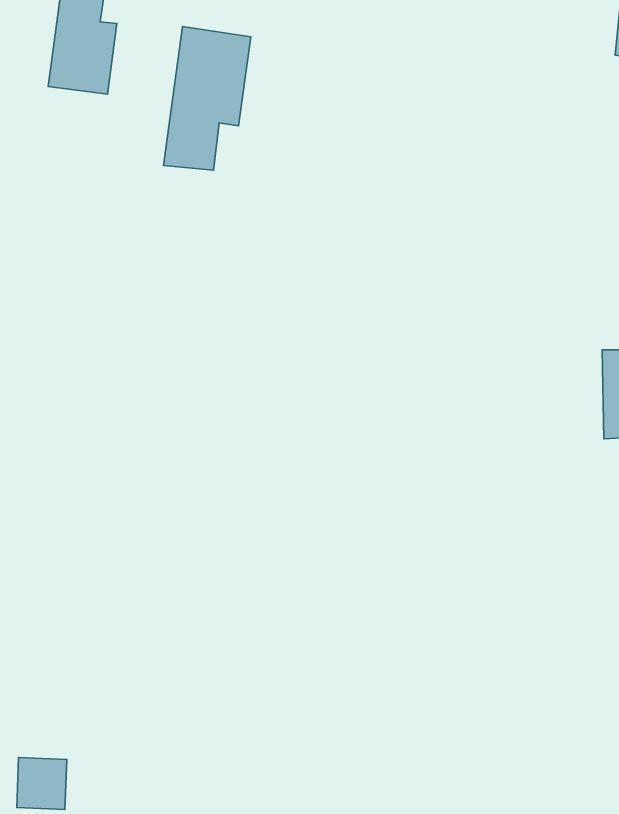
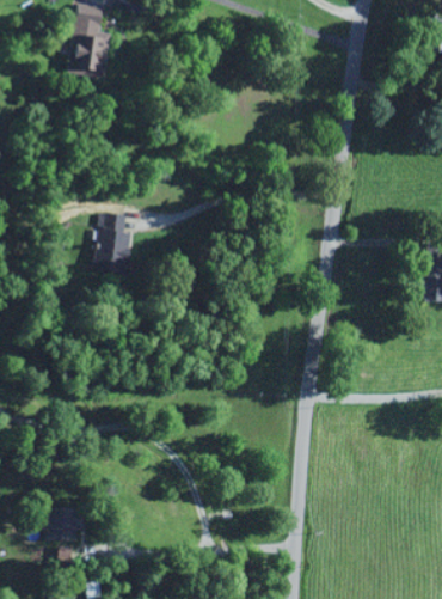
building: [164,27,251,170] -> none
building: none -> [93,210,131,274]

